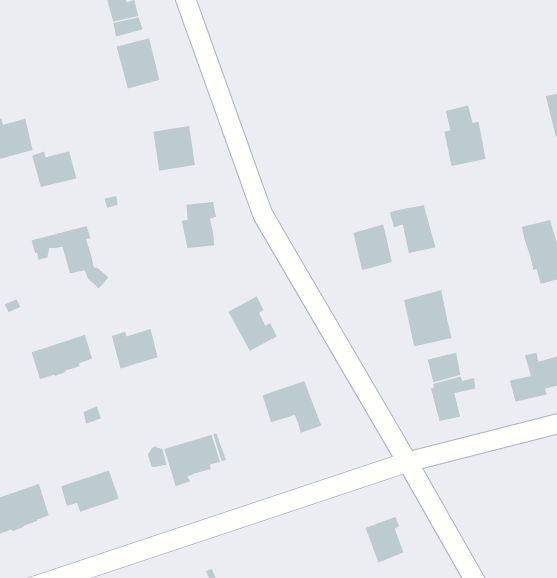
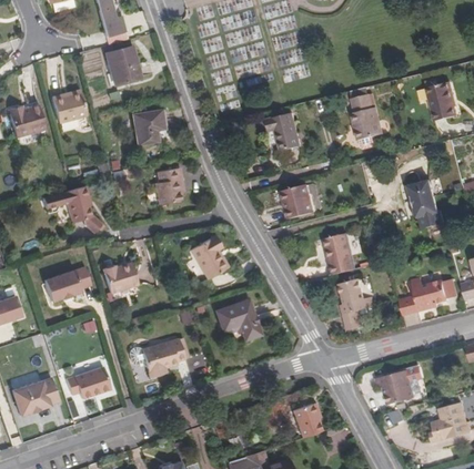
building: [31,151,77,188] -> [52,93,87,121]
building: [389,205,437,254] -> [265,115,301,152]
building: none -> [375,369,413,404]

